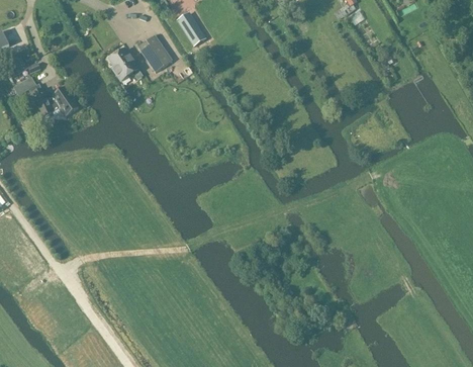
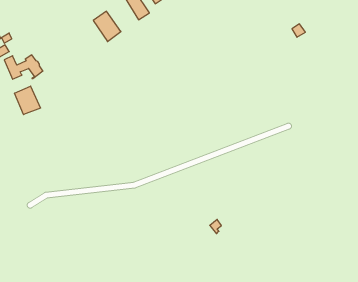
building: [109,48,138,80] -> none
building: none -> [15,86,40,115]

